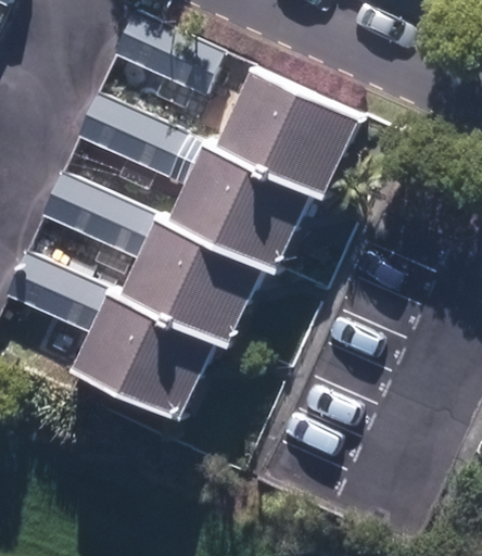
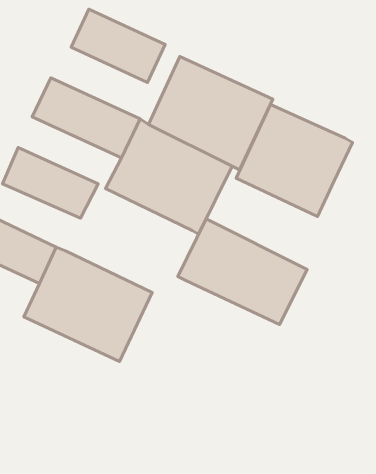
building: none -> [236,105,353,217]
building: [116,215,264,346] -> none
building: none -> [178,219,307,325]

